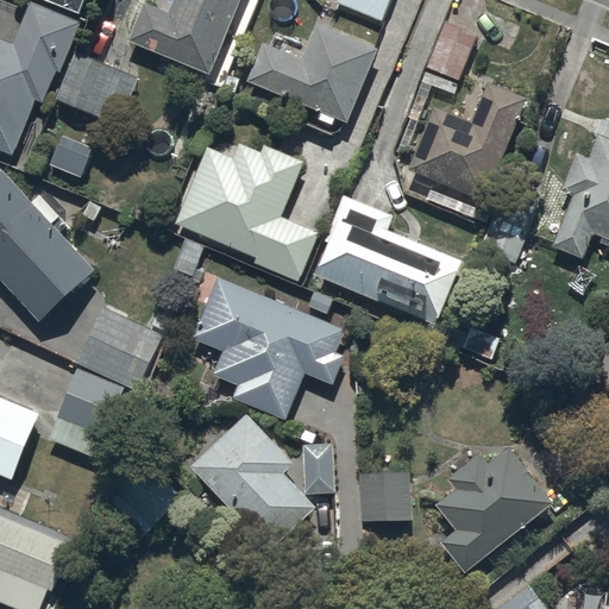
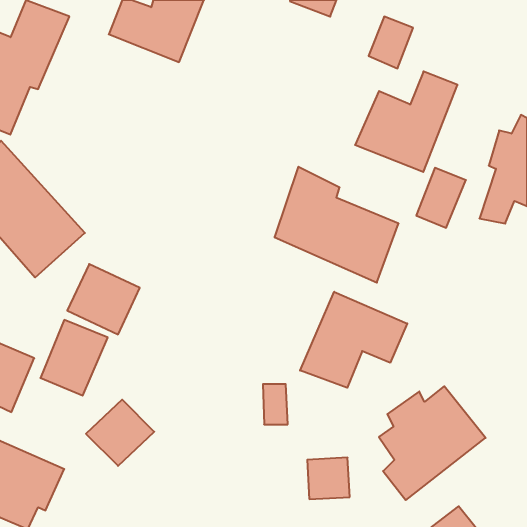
building: [246,27,372,120] -> none
building: [56,51,137,124] -> none
building: [176,145,316,282] -> none
building: [197,281,338,412] -> none
building: none -> [300,292,407,388]
building: [194,417,308,544] -> none
building: [359,471,408,519] -> [307,458,350,499]

